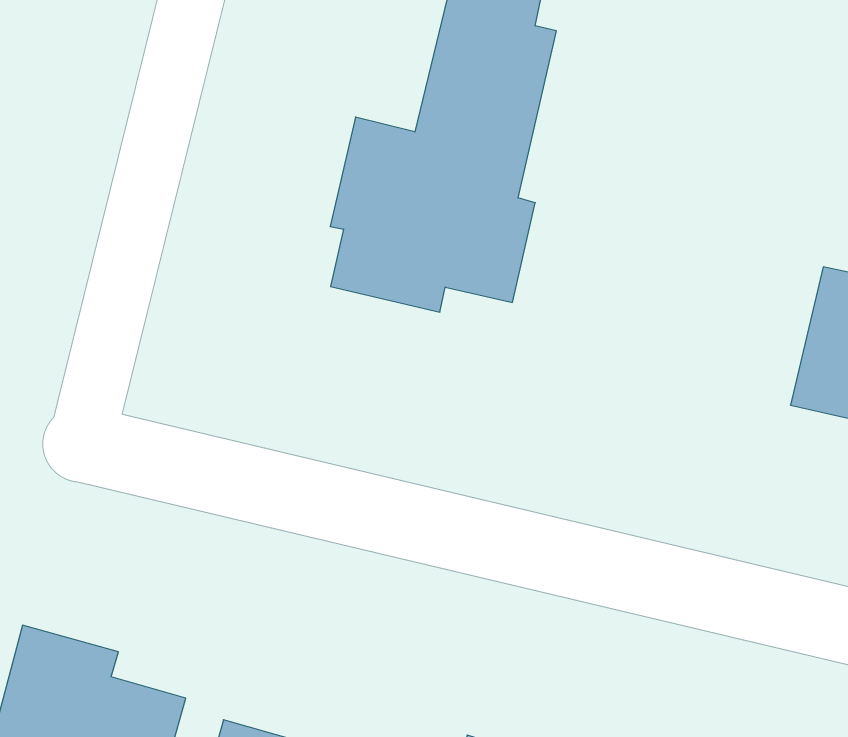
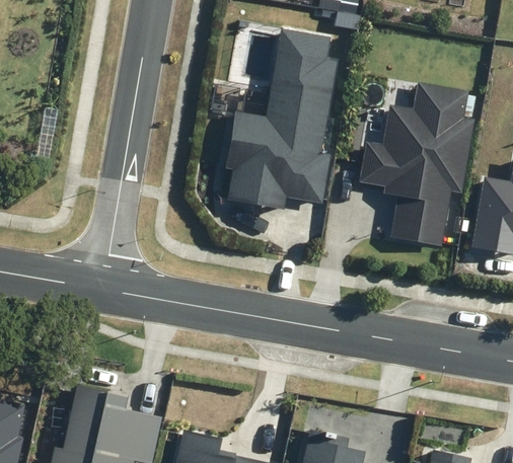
building: none -> [359,83,474,246]

